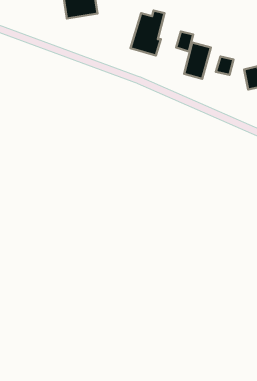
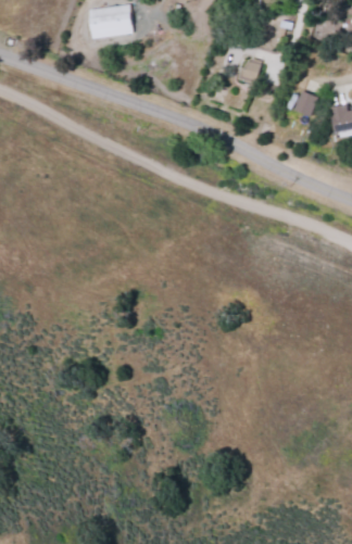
building: [130,10,165,55] -> none
building: [184,42,211,79] -> none

